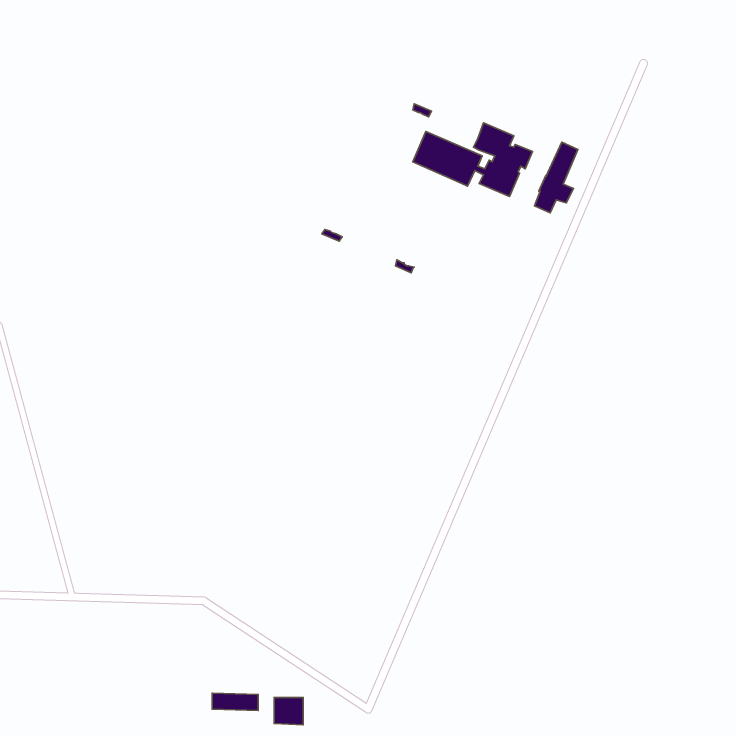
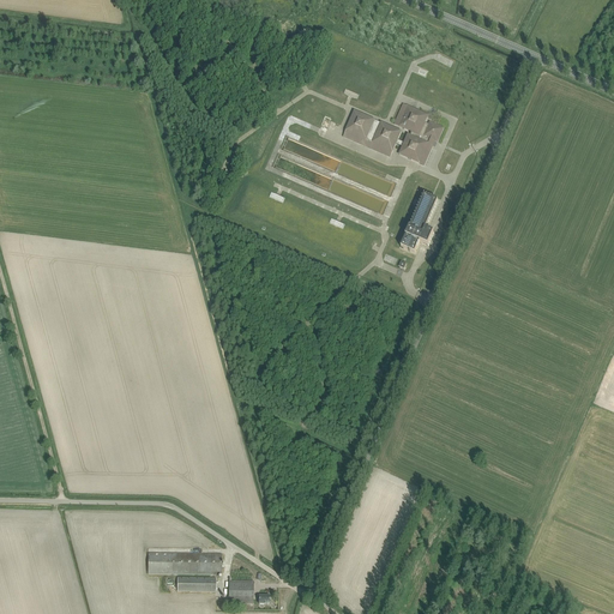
building: [534,142,578,213] -> [401,193,437,252]
building: none -> [146,552,221,573]

